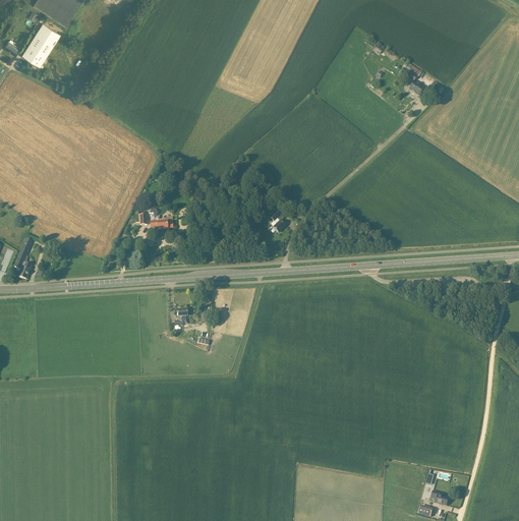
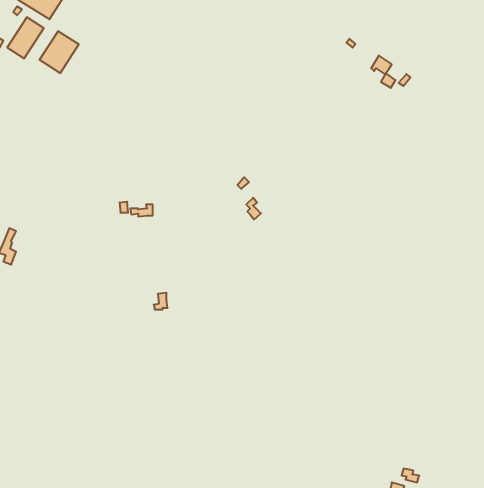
building: none -> [40,31,79,73]

